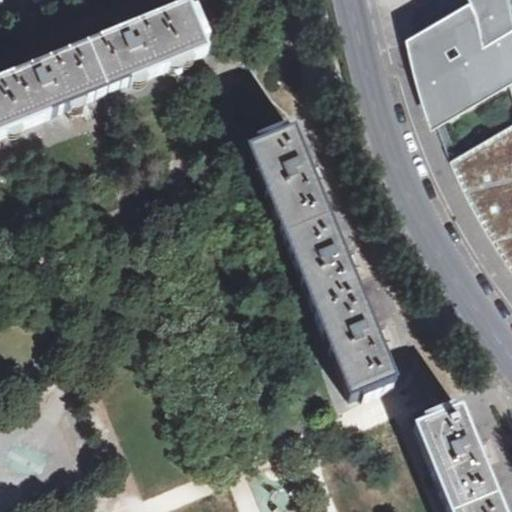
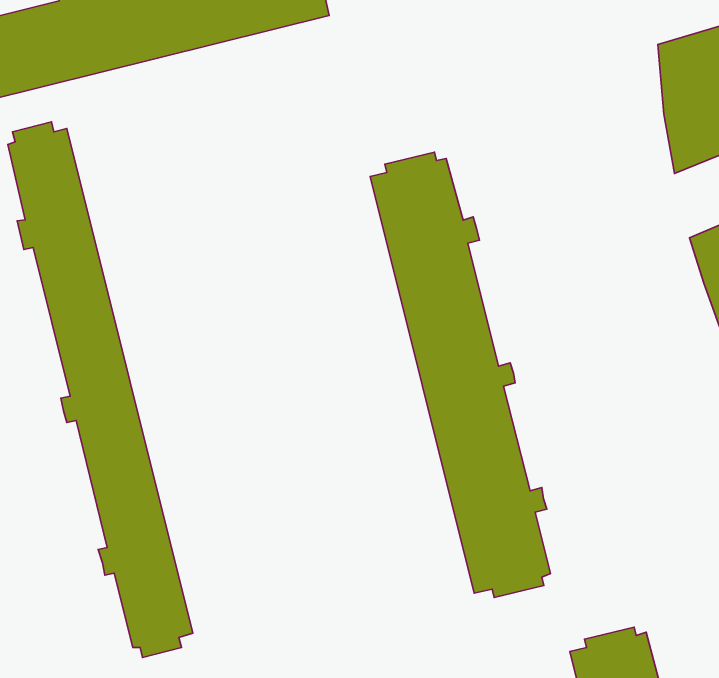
building: none -> [8,122,193,658]

